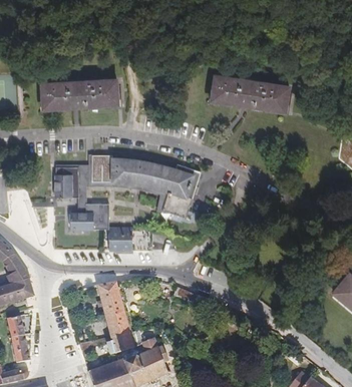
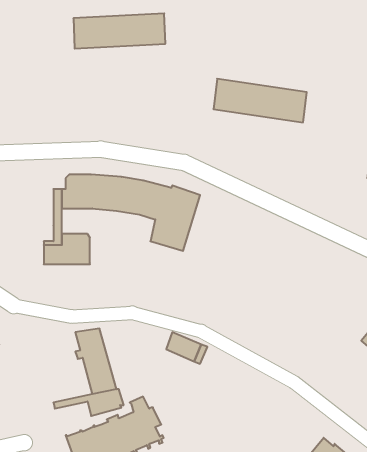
building: [41,80,117,109] -> [73,13,165,49]
building: [55,166,78,198] -> none
building: [108,229,152,251] -> none

